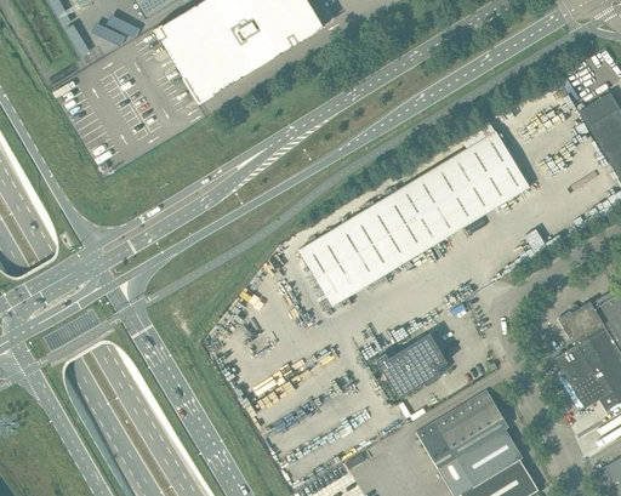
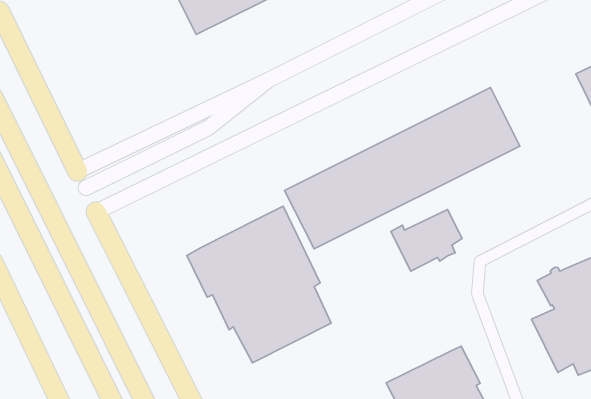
building: none -> [187,206,331,363]
building: [375,333,446,398] -> [391,209,462,271]

